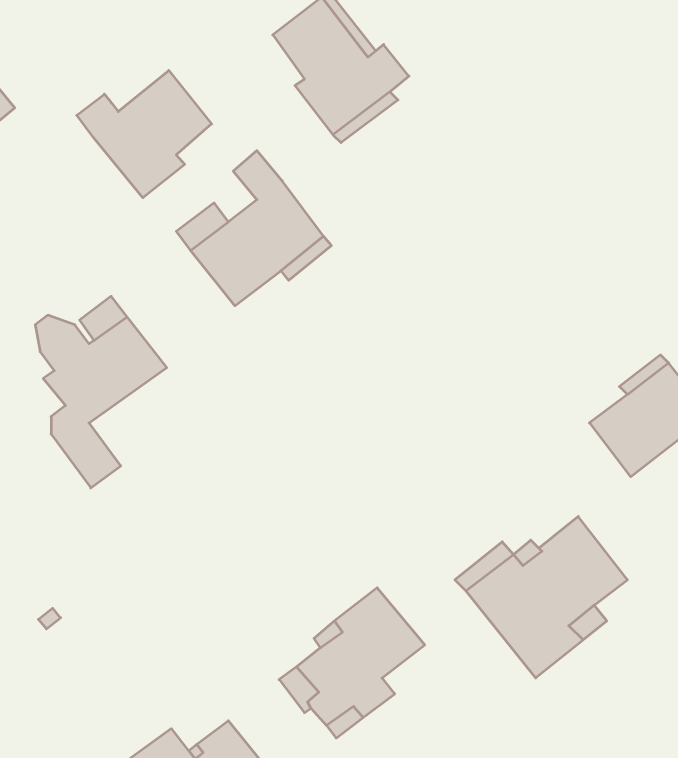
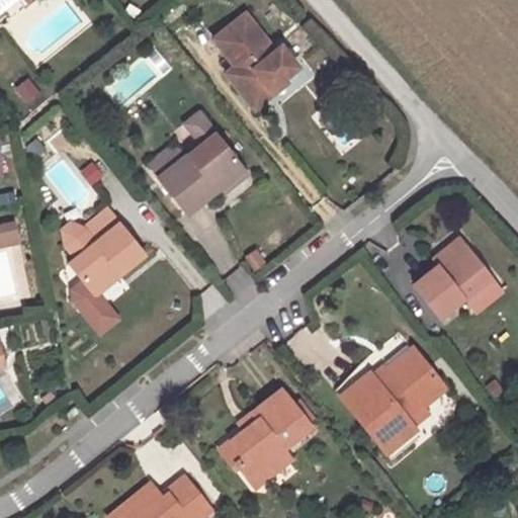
building: [77,70,212,198] -> none

